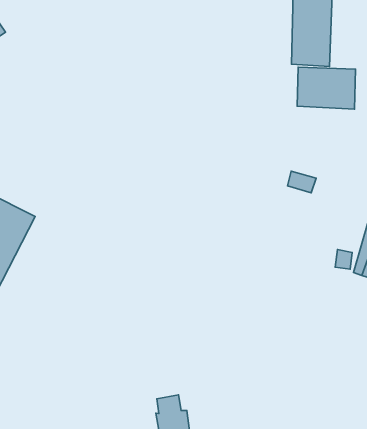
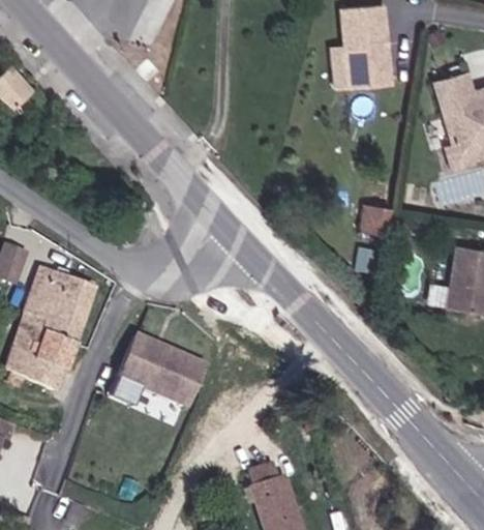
building: [297,67,355,109] -> none
building: none -> [117,328,207,403]

